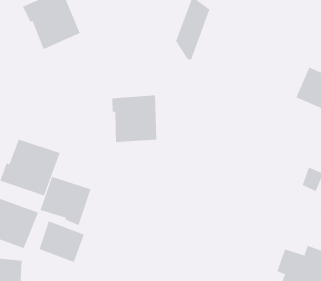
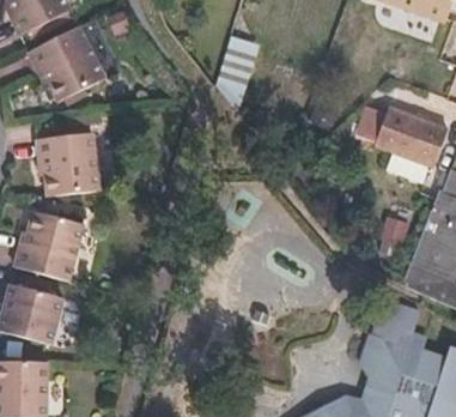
building: [111,95,157,143] -> [38,135,97,197]
building: [40,176,91,226] -> none
building: [39,221,85,263] -> none

